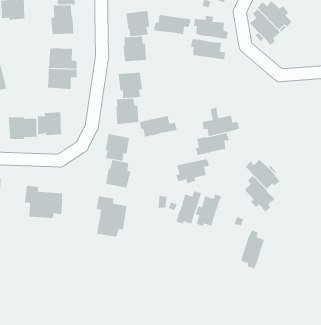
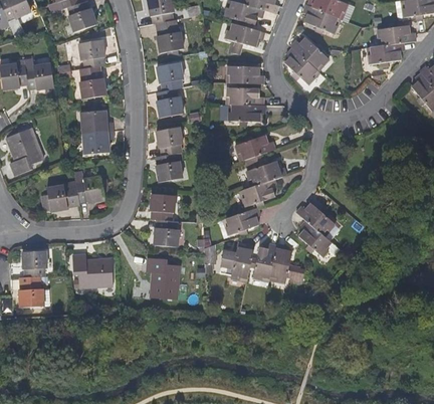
building: [153,15,191,35] -> [227,104,265,122]
building: [139,115,177,137] -> [236,135,276,160]
building: [240,230,265,269] -> [268,242,291,282]

